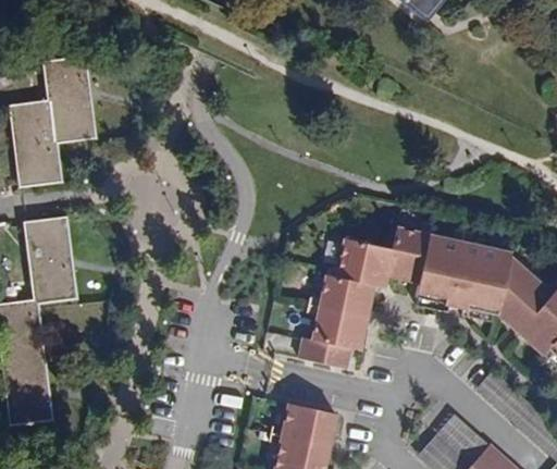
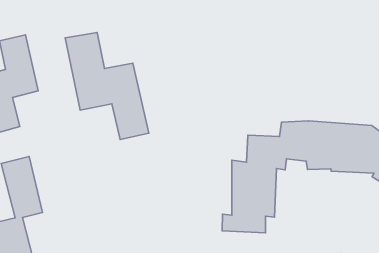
building: none -> [65,32,149,140]

